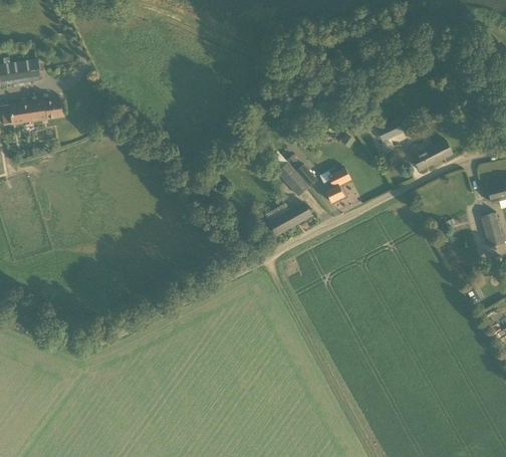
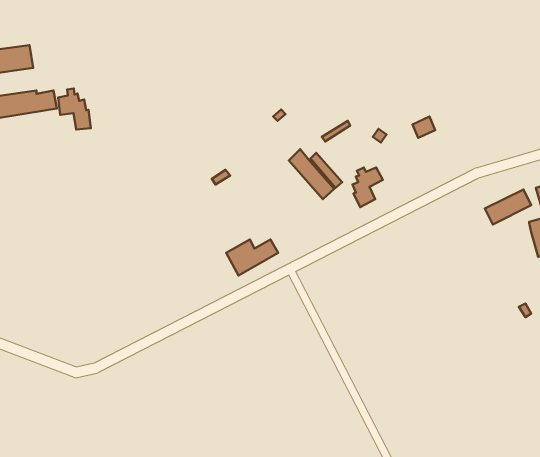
building: none -> [58,88,91,130]
building: [412,140,453,171] -> [485,189,531,225]
building: [265,203,311,235] -> [226,239,278,276]

